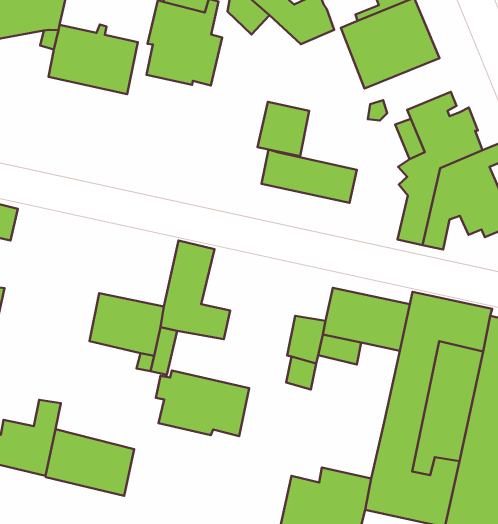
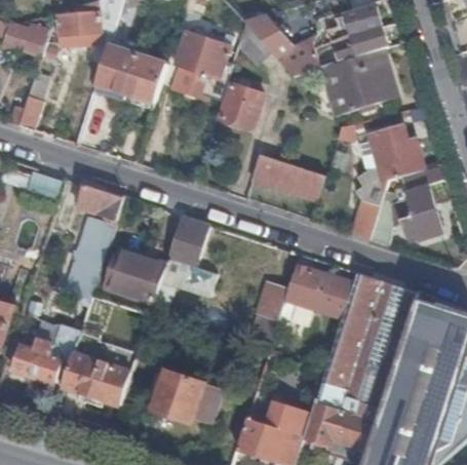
building: [258,102,309,156] -> [220,84,262,128]
building: none -> [71,185,123,293]
building: [156,371,249,436] -> [152,371,224,426]

